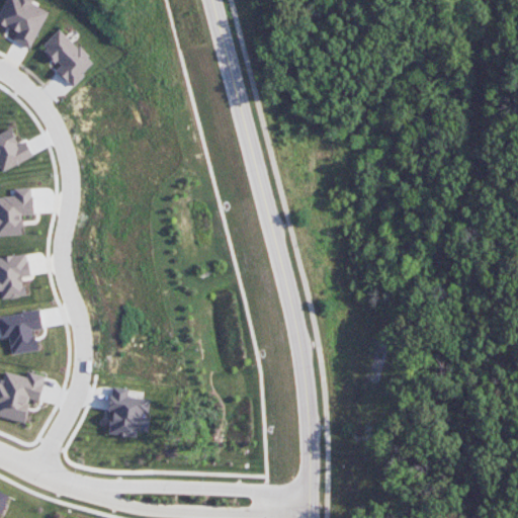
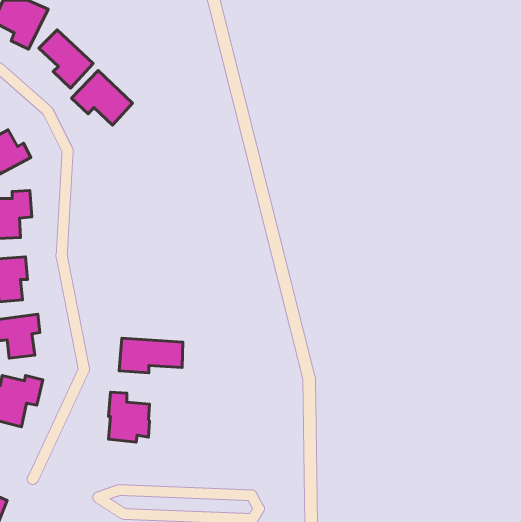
building: none -> [72,71,132,125]
building: none -> [119,338,183,373]

